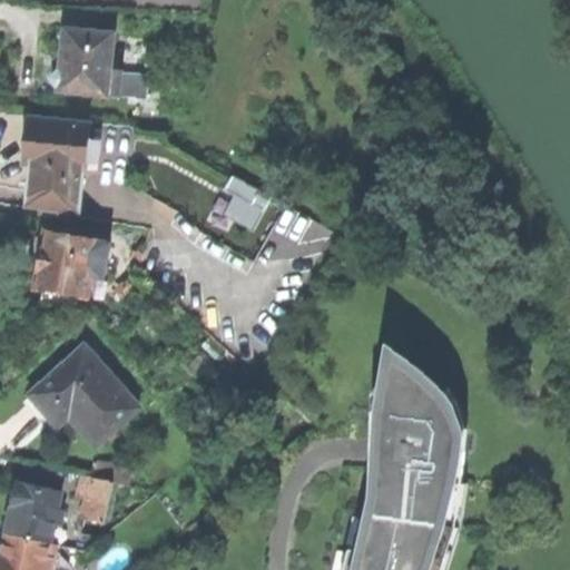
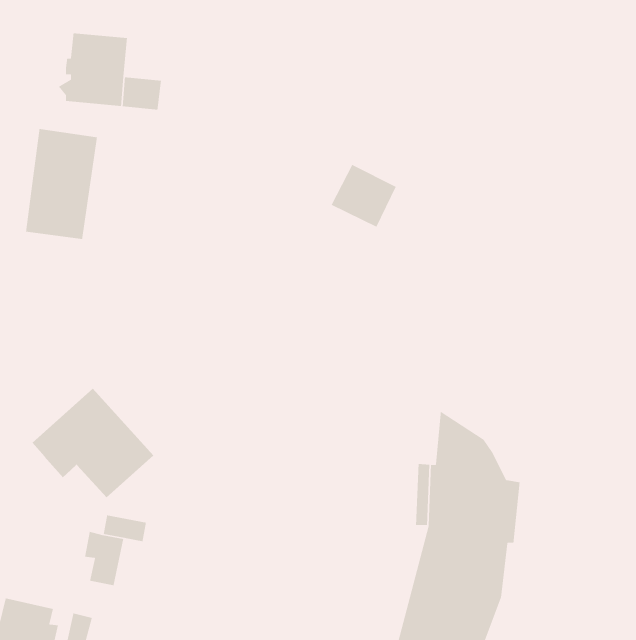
building: [212,174,271,230] -> [330,164,397,228]
building: [31,230,106,304] -> none
building: [4,481,62,541] -> none

